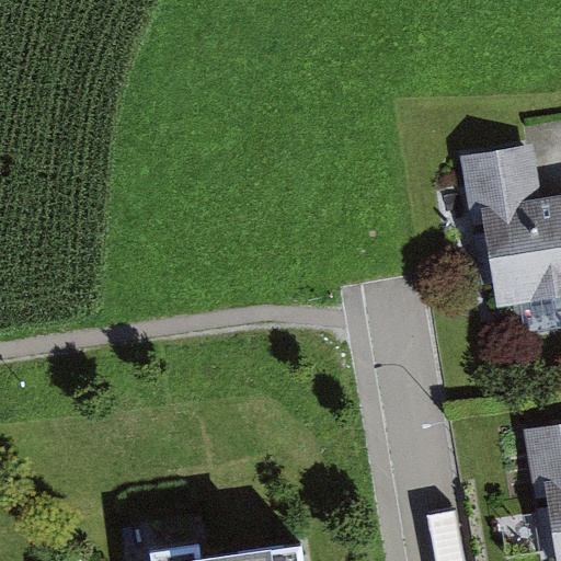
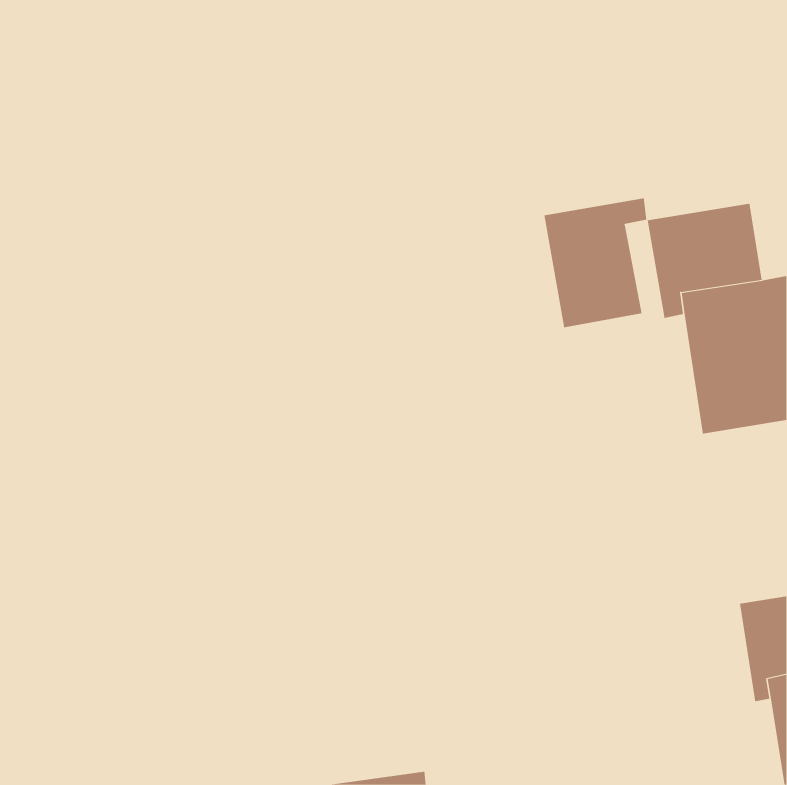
building: none -> [544,198,647,328]

